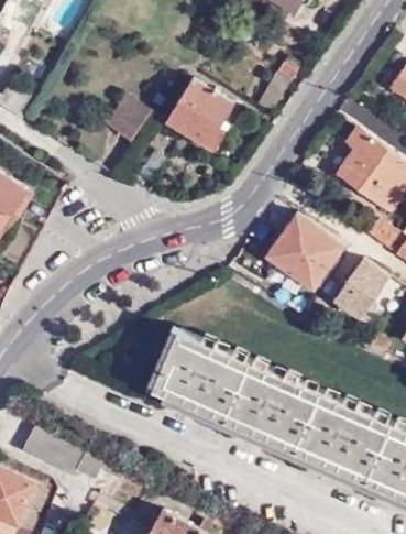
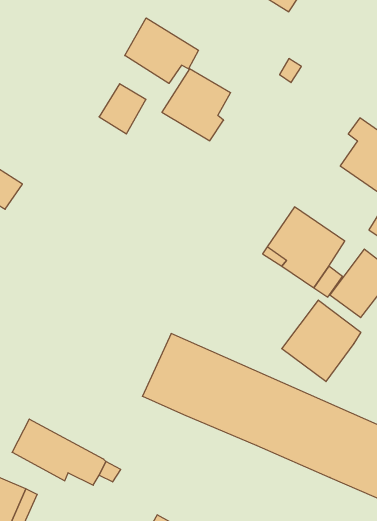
building: none -> [125,18,198,83]
building: none -> [282,300,361,382]

